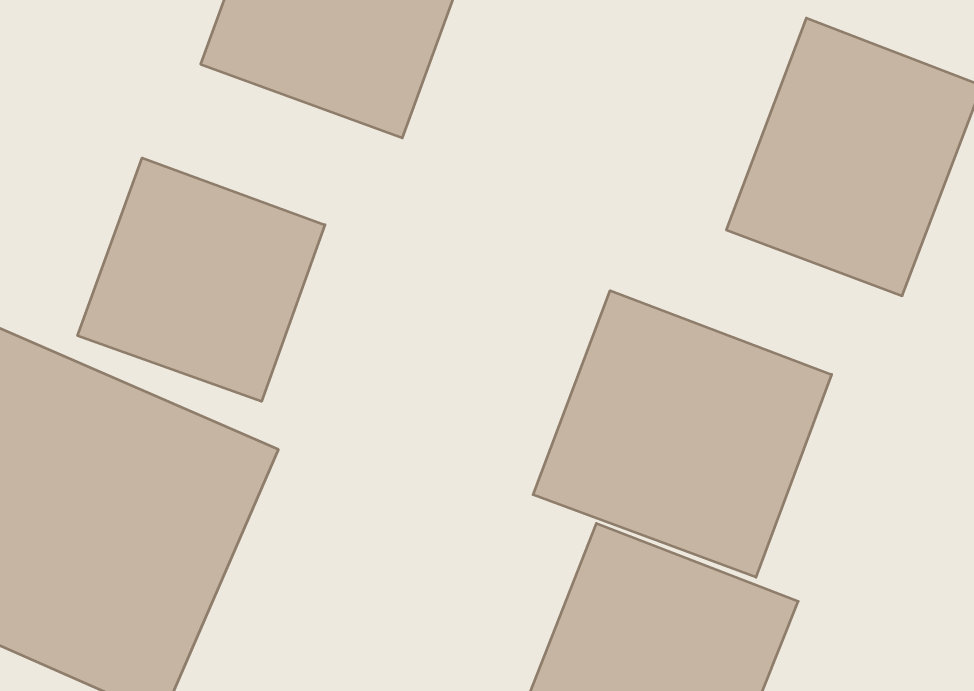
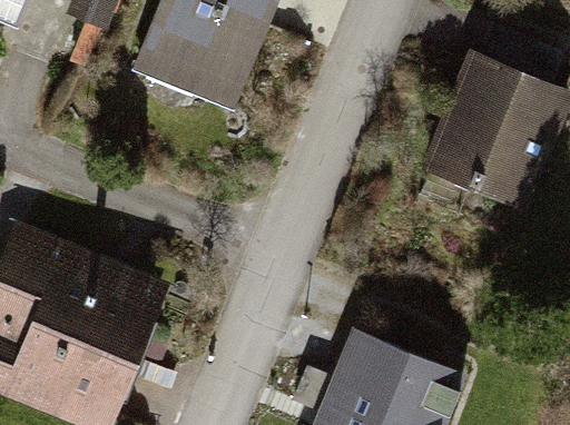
building: [78,158,325,401] -> none
building: [533,291,832,577] -> none

